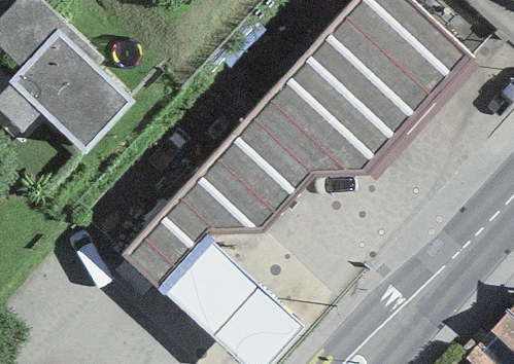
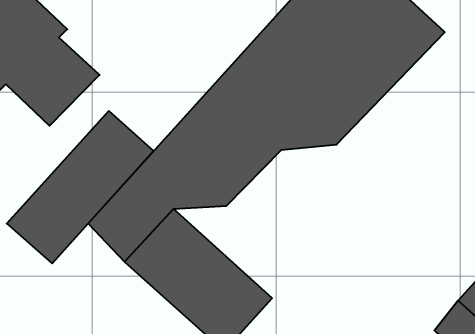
building: none -> [7,111,153,263]

